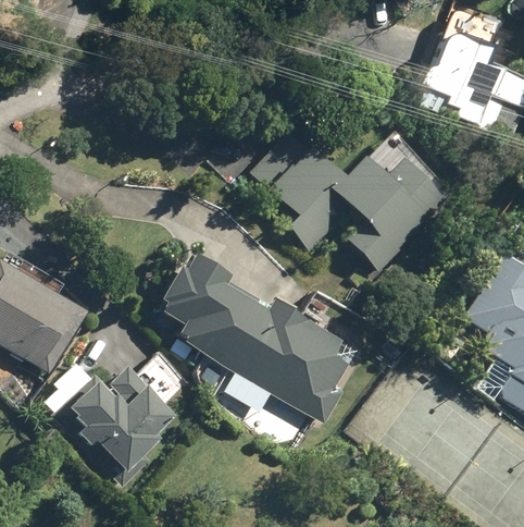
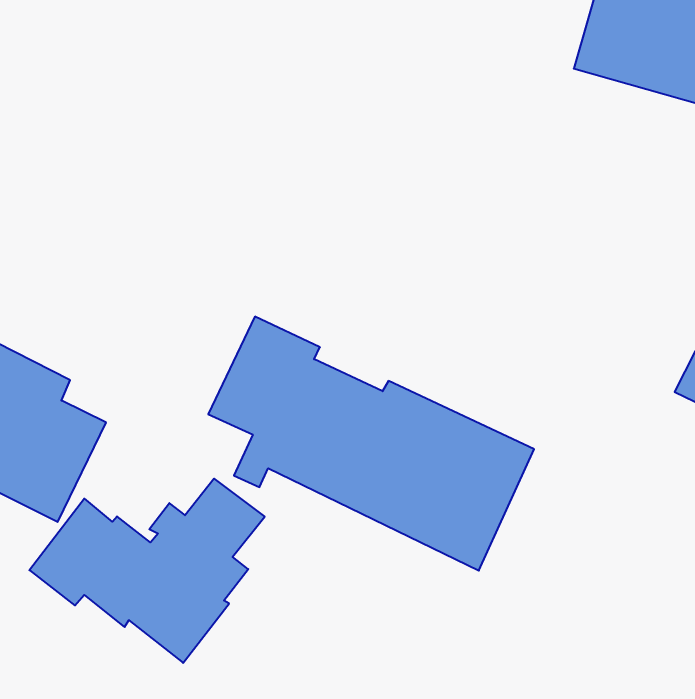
building: [250,128,454,273] -> none

